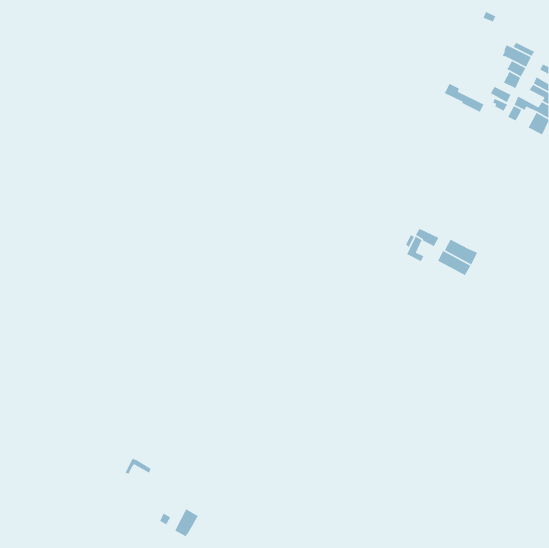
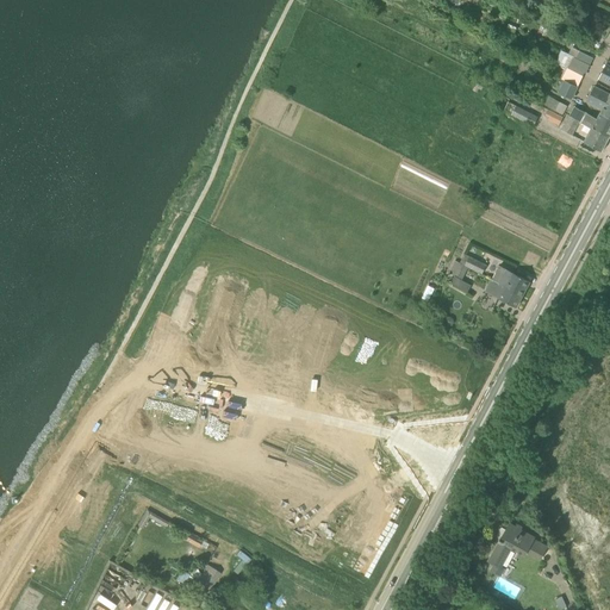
building: none -> [488,523,547,575]

